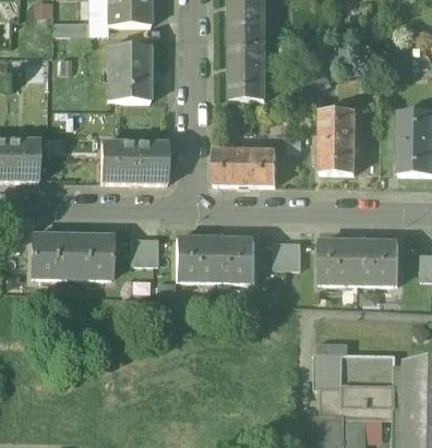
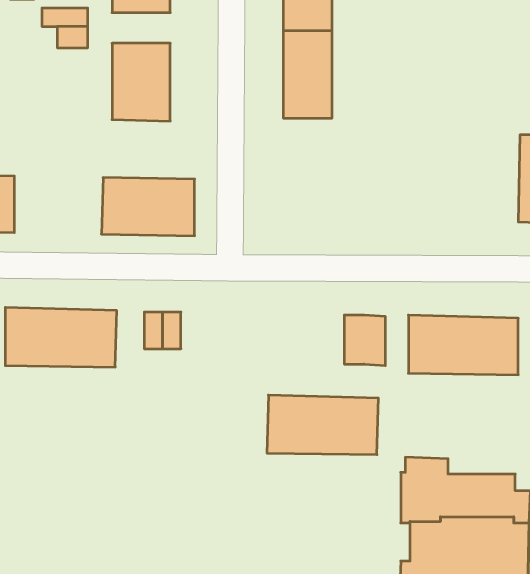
building: [321,110,356,173] -> none
building: [214,148,277,184] -> none
building: [176,238,255,280] -> [267,395,378,455]

